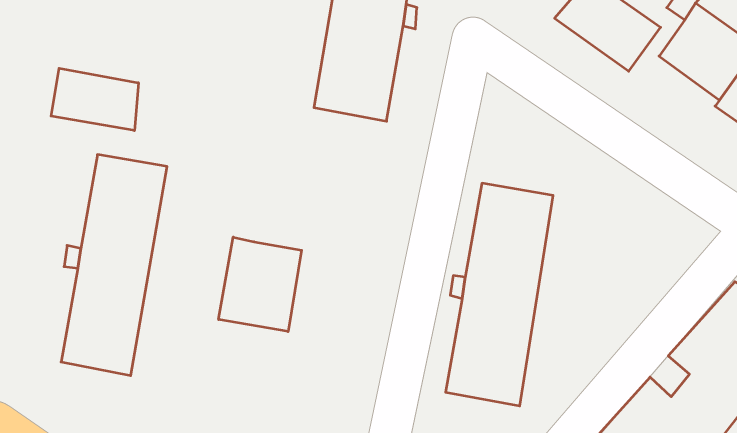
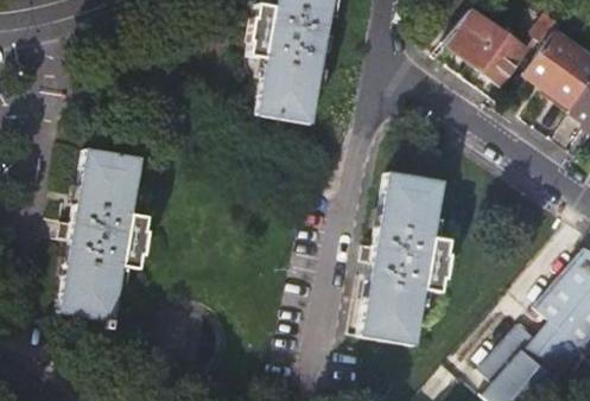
building: [51,68,138,131] -> none
building: [219,237,302,332] -> none

